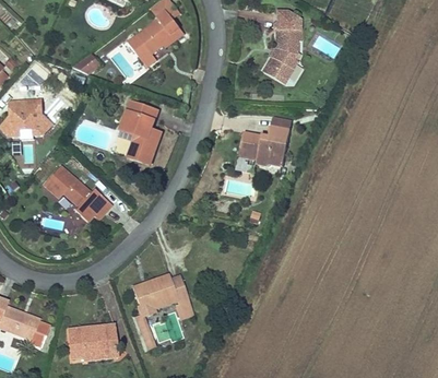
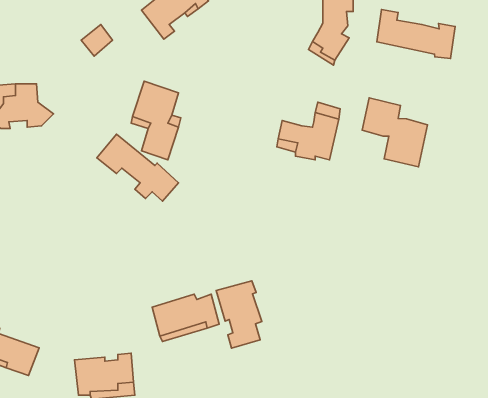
building: none -> [377,10,455,59]
building: none -> [362,98,428,167]
building: [42,164,109,220] -> [97,134,178,201]
building: none -> [216,281,262,348]

